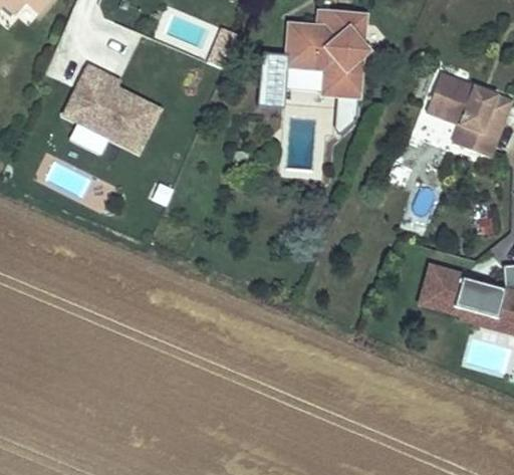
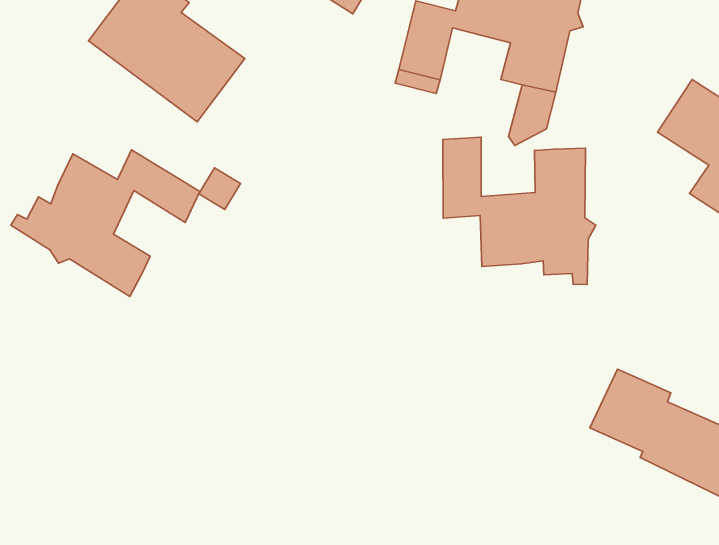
building: none -> [443,137,596,284]
building: none -> [11,150,200,297]

